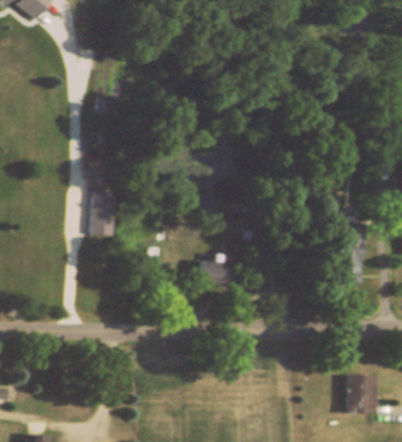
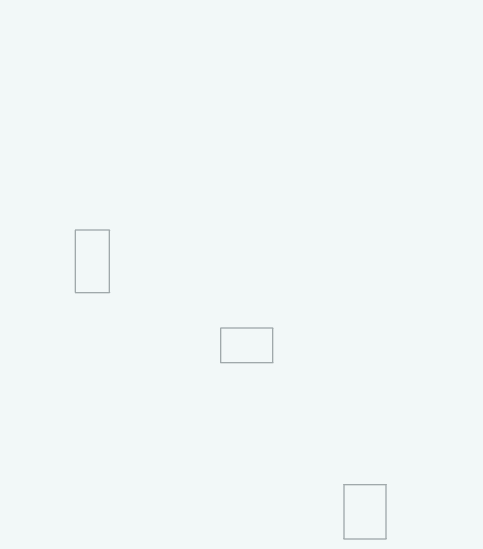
building: [346,374,377,413] -> [344,485,386,539]

